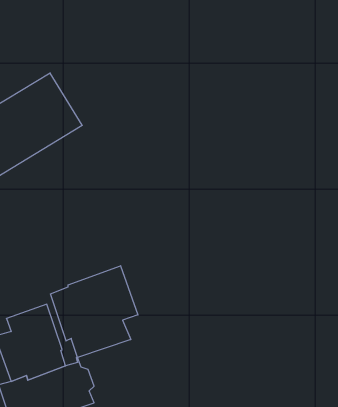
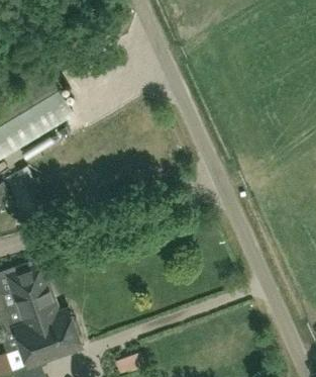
building: [51,266,138,358] -> none

